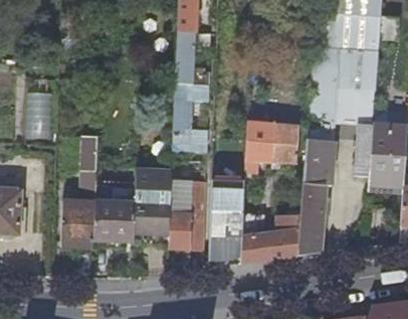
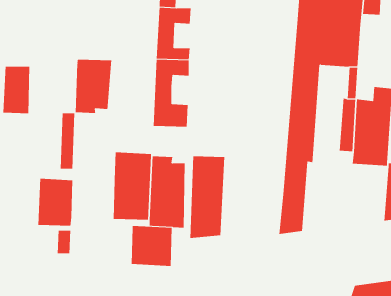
building: none -> [75,59,112,114]
building: [240,122,300,263] -> none
building: [93,201,135,242] -> [131,226,173,266]

